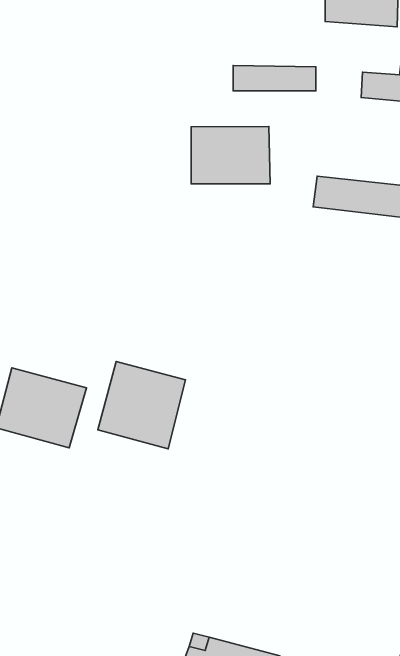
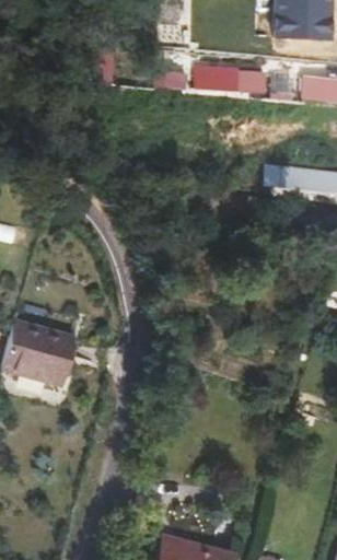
building: [191,126,270,184] -> none
building: [98,362,186,449] -> none

